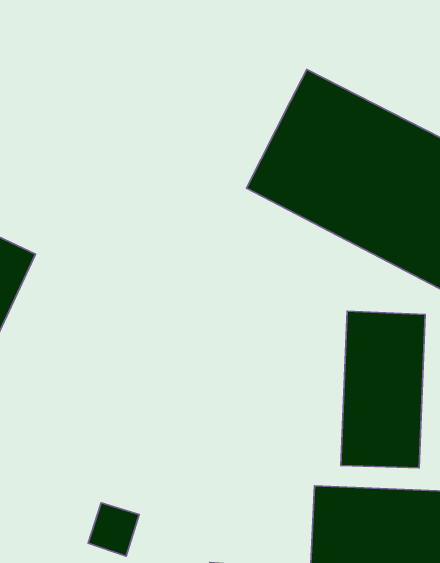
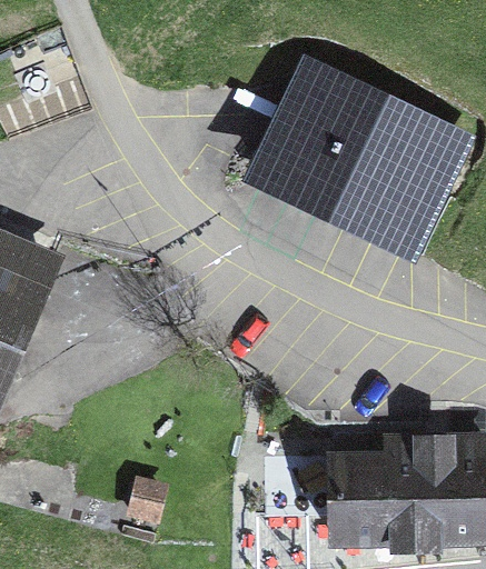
building: [341,311,425,468] -> none

